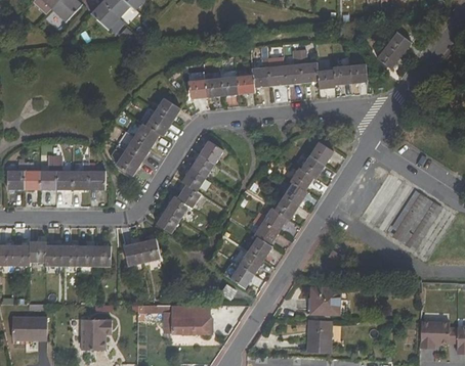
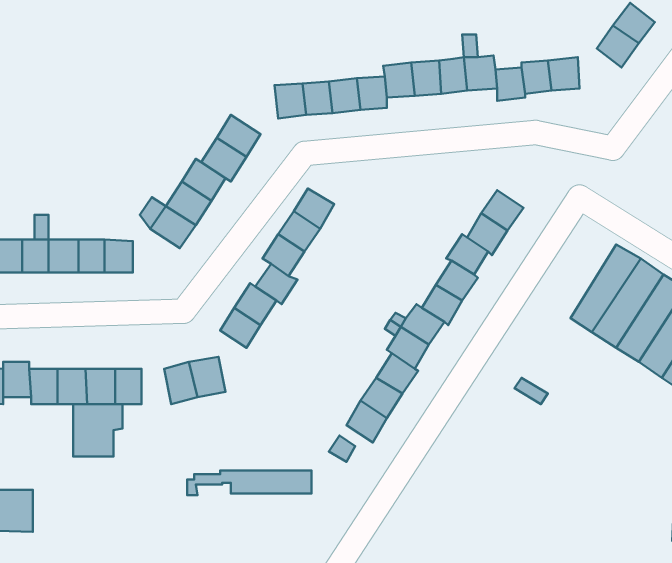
building: [310,288,339,313] -> none
building: [162,318,211,332] -> none
building: [81,319,110,350] -> [73,404,122,457]
building: [306,319,331,352] -> none

